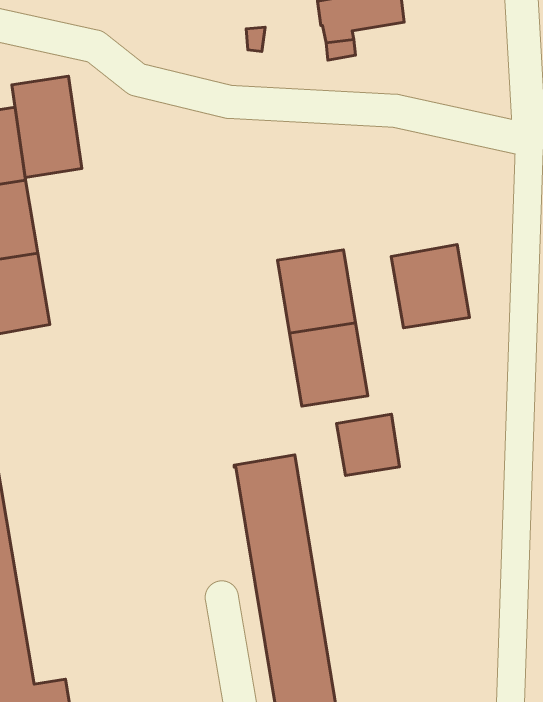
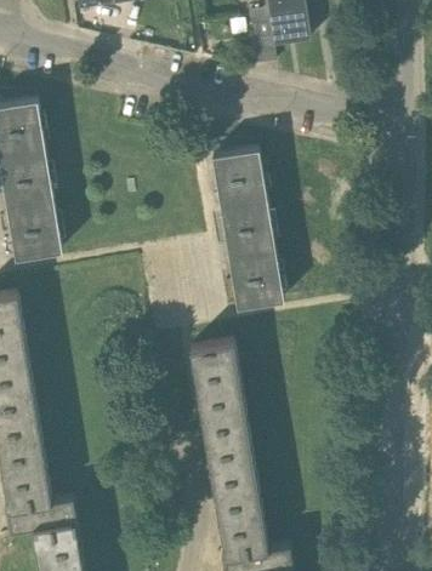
building: [12,76,82,177] -> none
building: [391,244,469,328] -> [212,145,267,204]
building: [337,414,399,475] -> none

